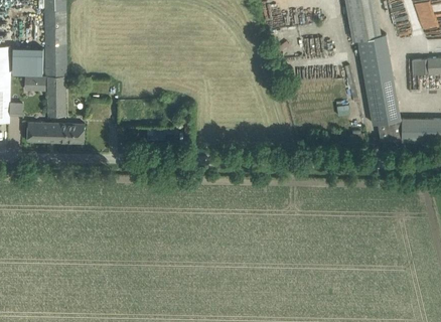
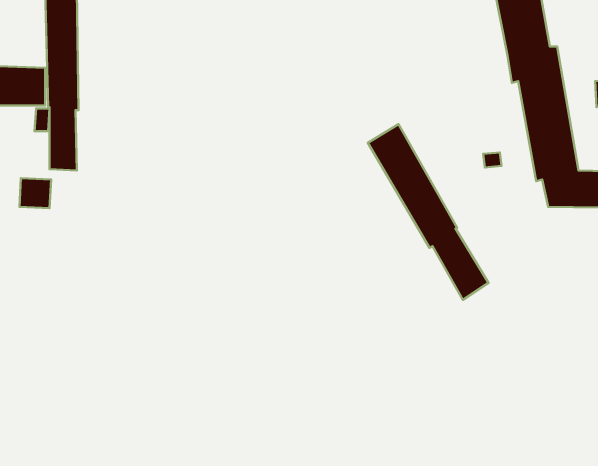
building: none -> [368,124,488,300]
building: [47,123,85,143] -> none

